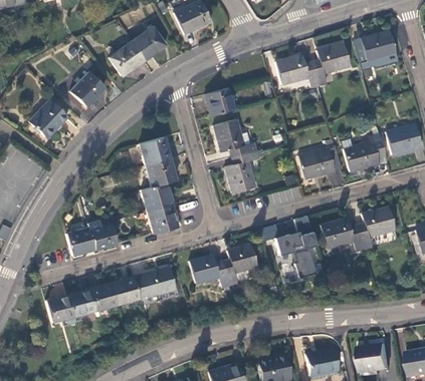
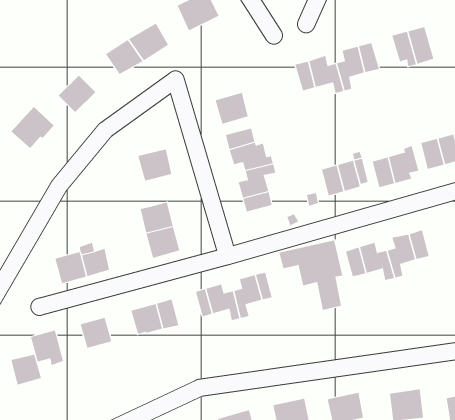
building: [146,158,176,186] -> none
building: [112,277,140,304] -> none
building: [68,289,95,321] -> [11,354,42,391]

